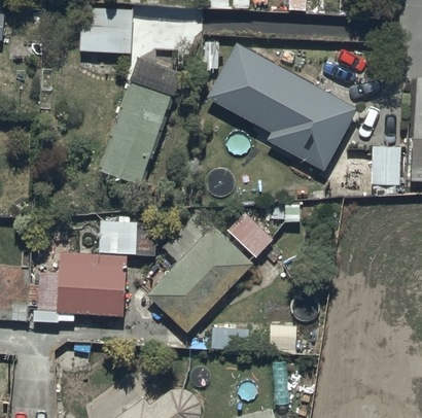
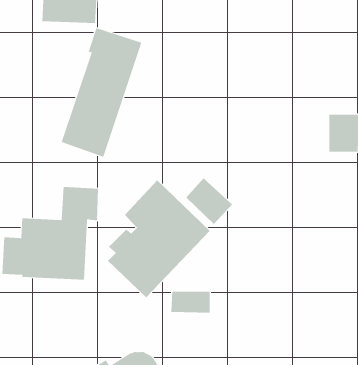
building: [204,42,355,171] -> none

